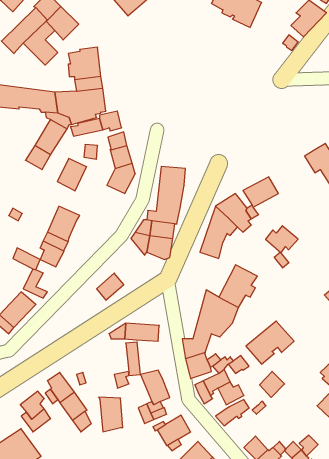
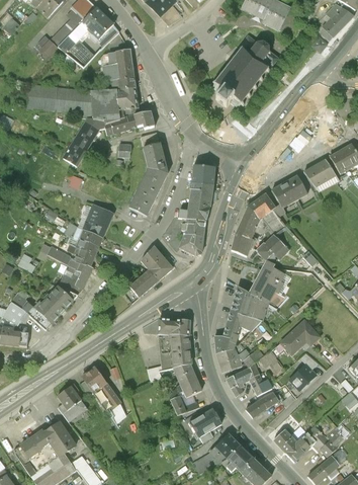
building: none -> [212,34,278,105]
building: [57,158,87,191] -> [129,183,158,215]
building: none -> [303,158,335,185]
building: [266,226,298,253] -> [257,236,288,262]
building: none -> [140,247,171,279]
building: none -> [72,255,94,287]
building: [99,397,123,432] -> [169,333,192,367]

